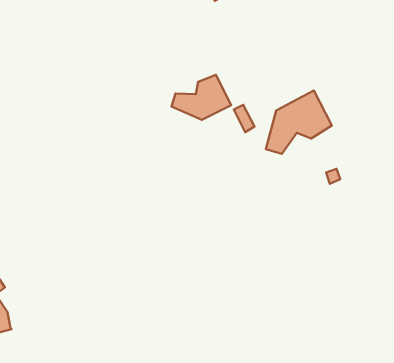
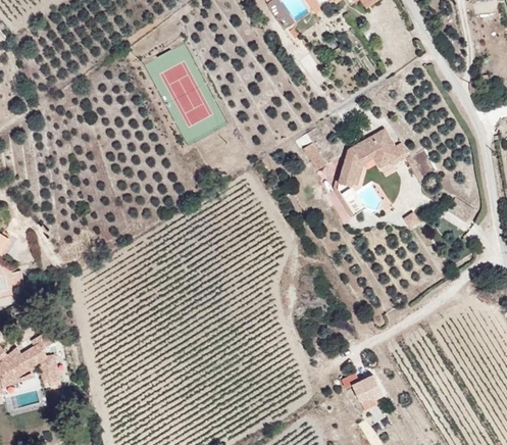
building: [172,75,231,120] -> none
building: none -> [343,377,383,410]

